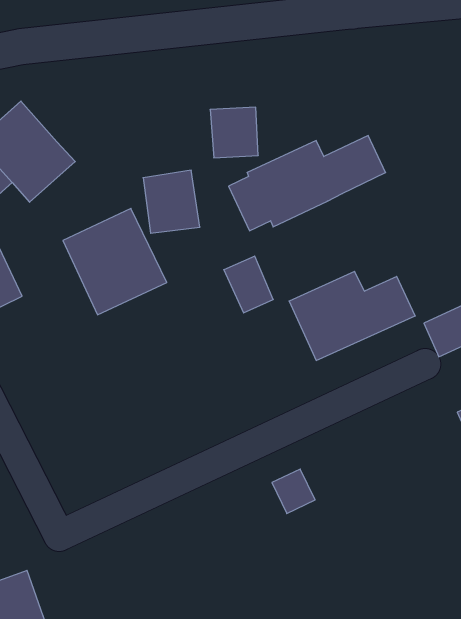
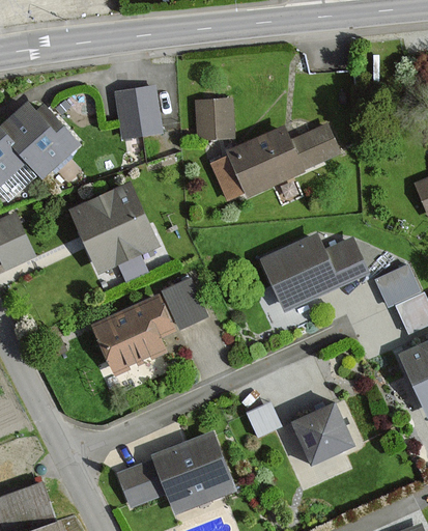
building: [143,170,200,233] -> [115,85,163,138]
building: [224,256,273,313] -> [164,279,205,327]
building: none -> [92,298,172,370]
building: none -> [294,404,353,464]
building: none -> [119,431,234,513]

